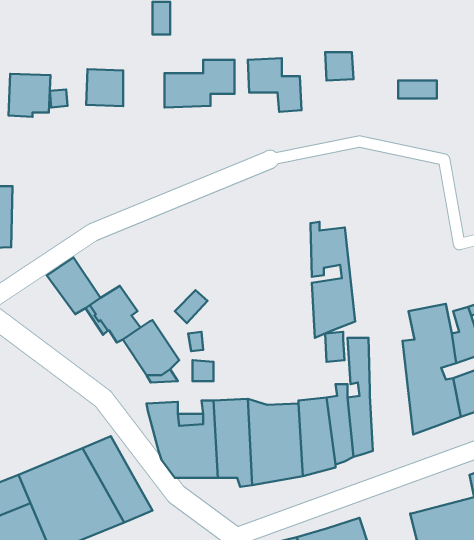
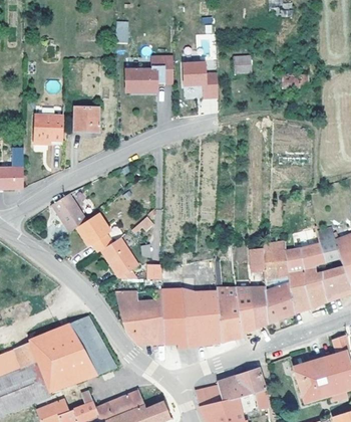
building: [86,69,123,106] -> [75,106,100,131]
building: [9,74,50,117] -> [35,114,63,143]
building: [310,222,355,338] -> [264,246,294,325]

